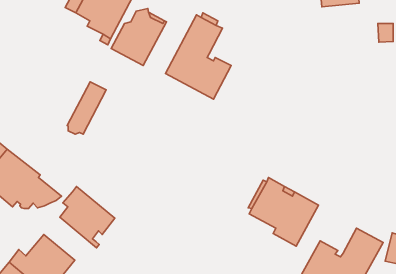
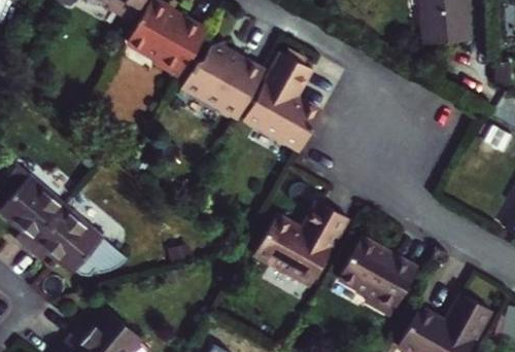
building: [67,82,106,134] -> [218,59,264,119]
building: none -> [258,202,350,286]
building: [60,186,115,248] -> none

